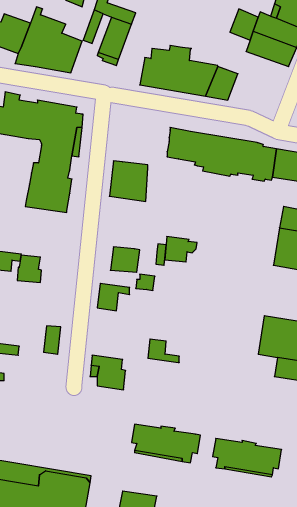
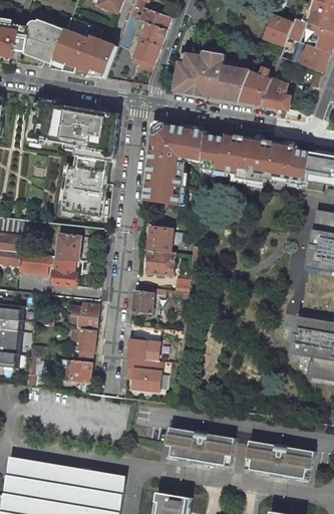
building: none -> [261,69,290,108]
building: none -> [147,124,204,169]
building: none -> [56,234,81,261]
building: [165,237,197,262] -> [147,227,180,252]
building: none -> [66,302,97,329]
building: [148,339,179,362] -> [126,338,157,361]
building: none -> [70,359,91,381]

